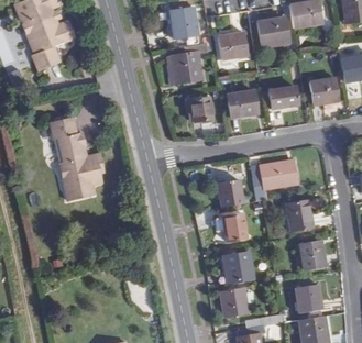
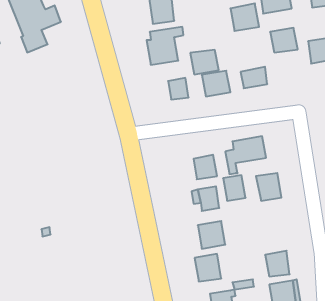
building: [217,33,248,59] -> [190,50,219,74]
building: [309,78,339,104] -> [270,28,298,52]
building: [51,117,103,200] -> none
building: [299,241,323,268] -> [223,175,246,201]

